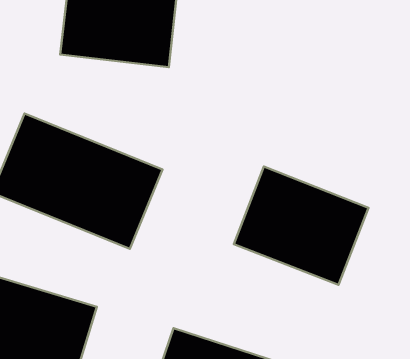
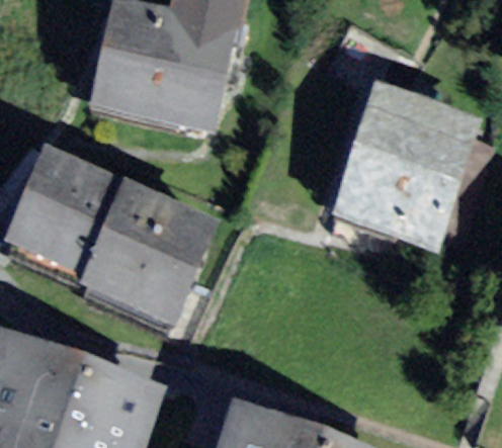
building: none -> [334,88,476,236]
building: [234,166,368,285] -> none

